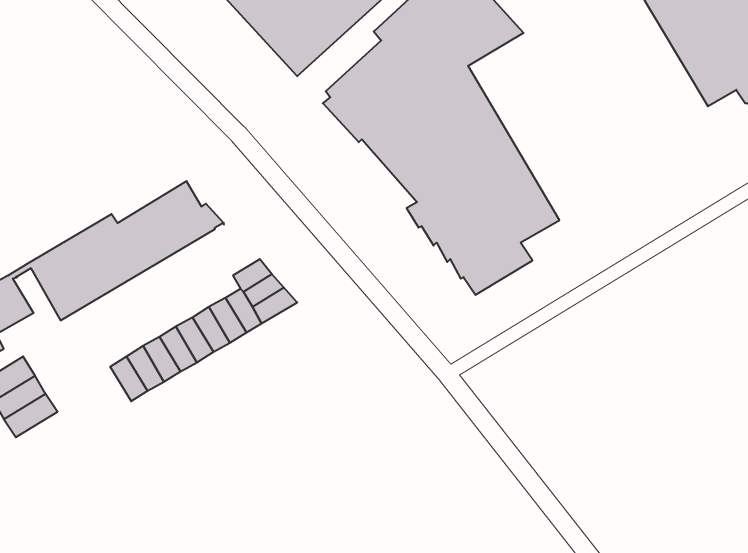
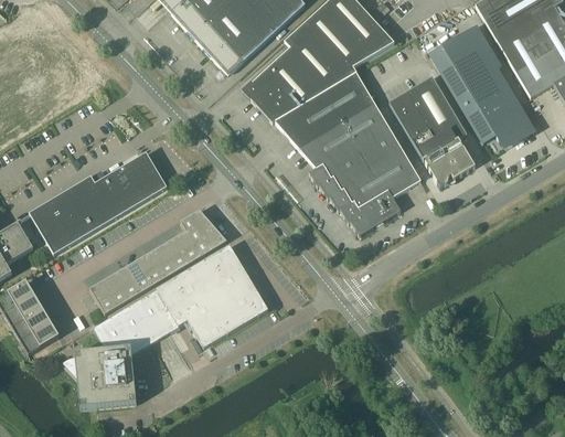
building: none -> [429,26,529,143]
building: none -> [388,76,475,186]
building: none -> [62,244,267,408]
building: none -> [20,321,58,354]

